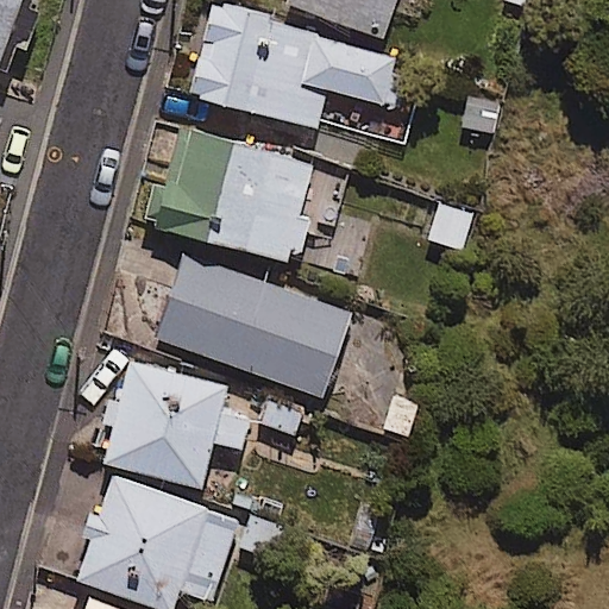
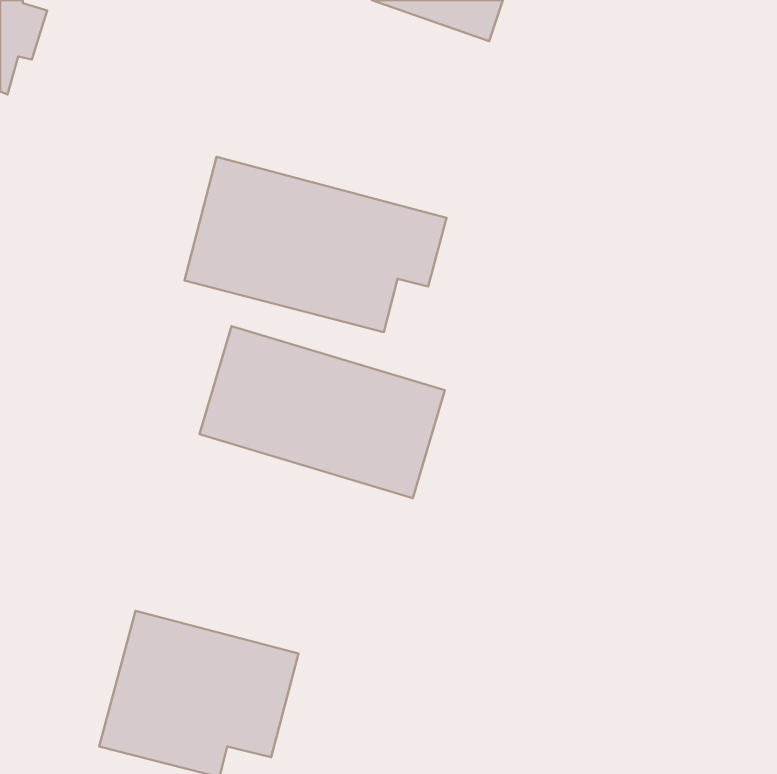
building: [193,10,394,127] -> none
building: [103,359,249,486] -> none

